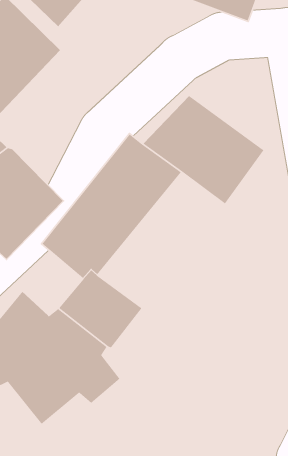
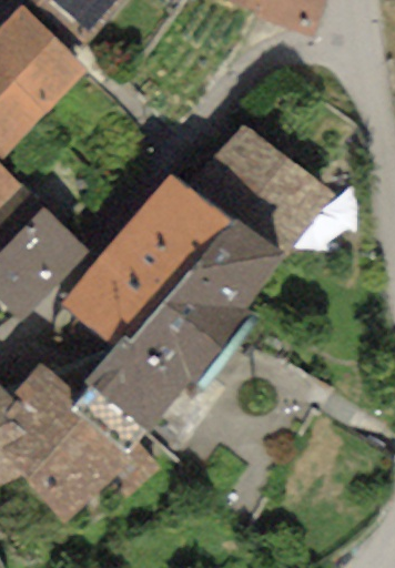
building: none -> [130,217,284,383]

